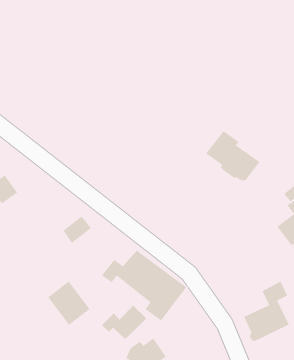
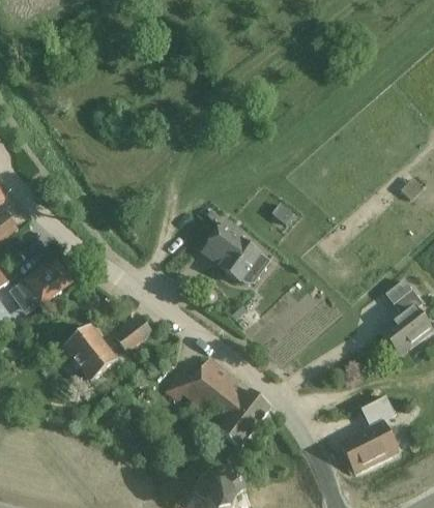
building: [205,130,260,181] -> [202,219,270,282]
building: [47,281,90,326] -> [64,325,118,381]
building: [101,305,147,340] -> none

